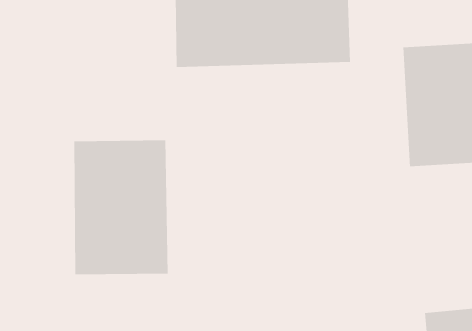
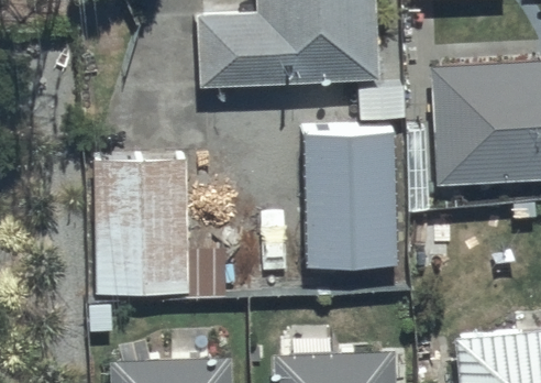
building: none -> [303,132,399,265]

